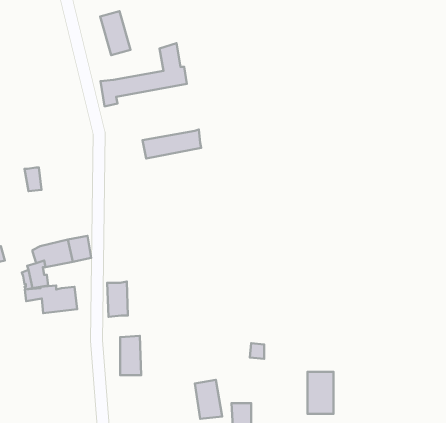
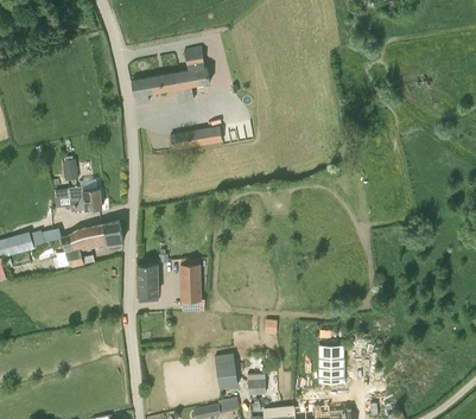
building: [100,11,130,55] -> none
building: [25,286,77,313] -> [53,186,101,211]
building: [120,336,141,375] -> [180,265,199,300]

